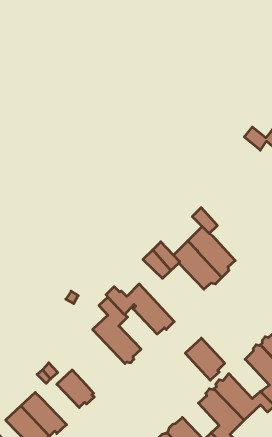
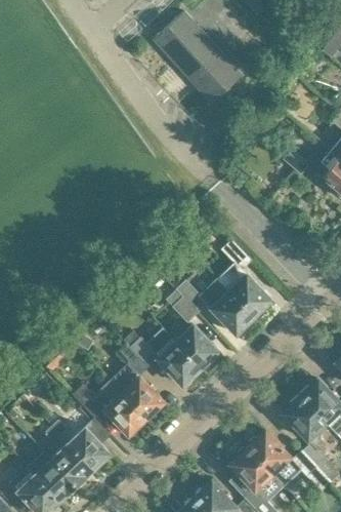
building: none -> [154,12,241,103]
building: none -> [73,380,145,435]
building: [185,338,225,380] -> [173,322,218,370]
building: none -> [50,442,93,488]

